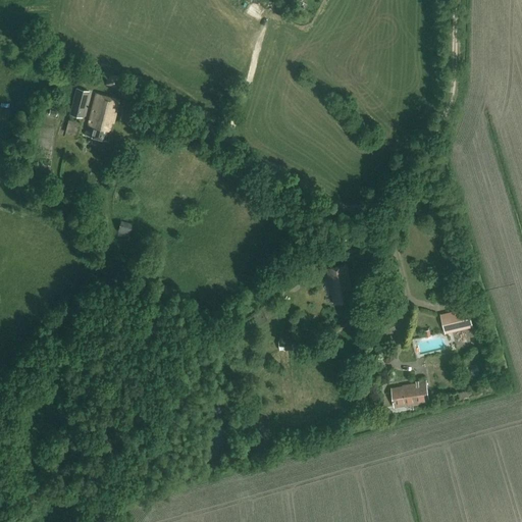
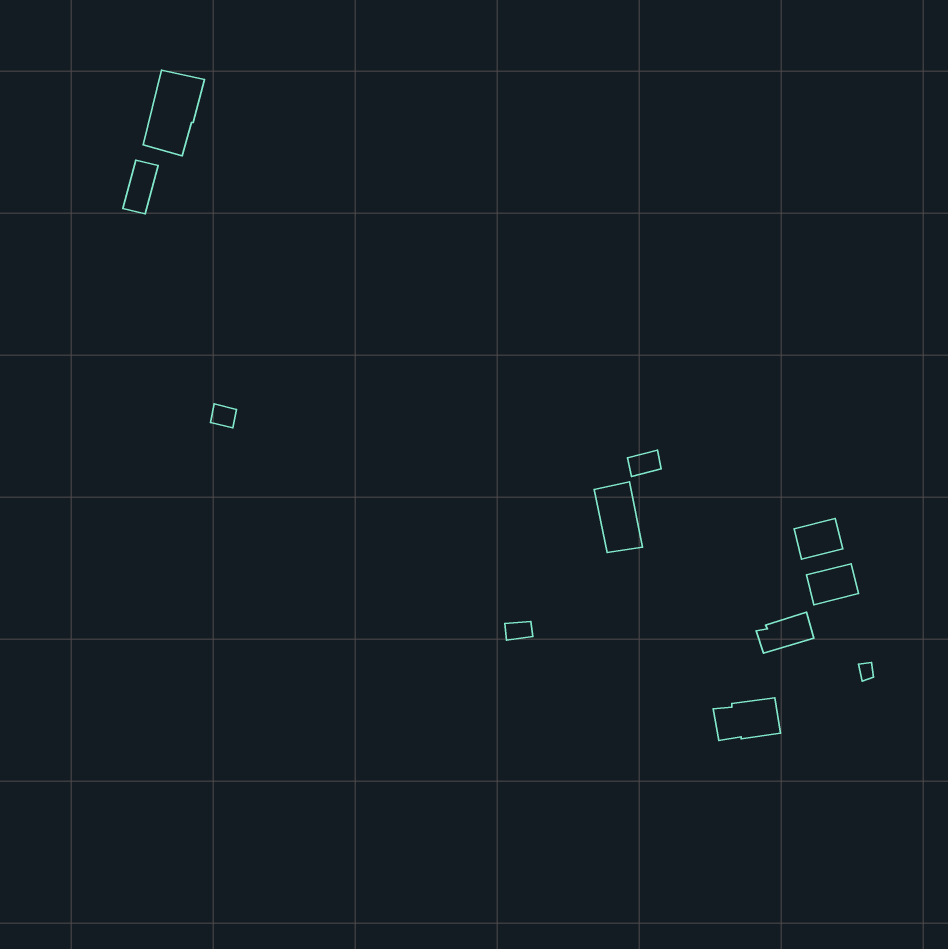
building: [84,95,117,142] -> [143,70,204,156]
building: none -> [794,518,843,559]

